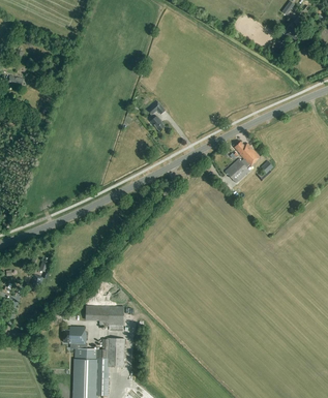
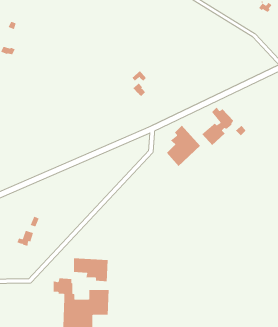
building: none -> [166,125,201,167]

